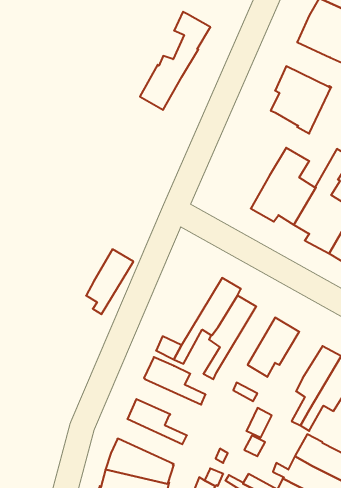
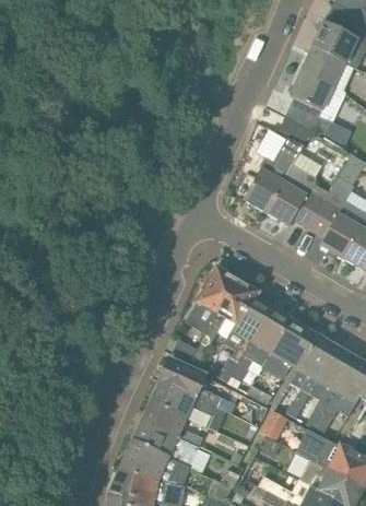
building: [140,12,210,110] -> [243,115,312,212]
building: none -> [300,47,344,92]
building: [86,249,133,314] -> [190,269,237,333]
building: none -> [232,309,290,380]
building: none -> [285,334,337,417]
building: none -> [152,381,224,431]
building: none -> [134,421,198,466]

